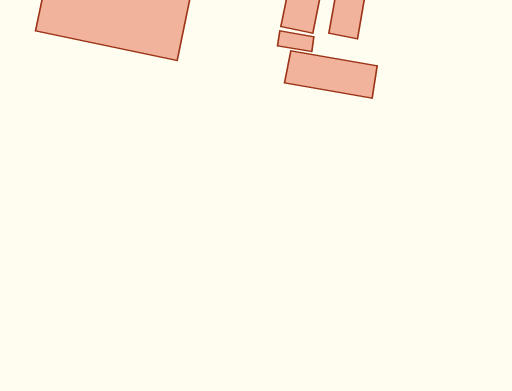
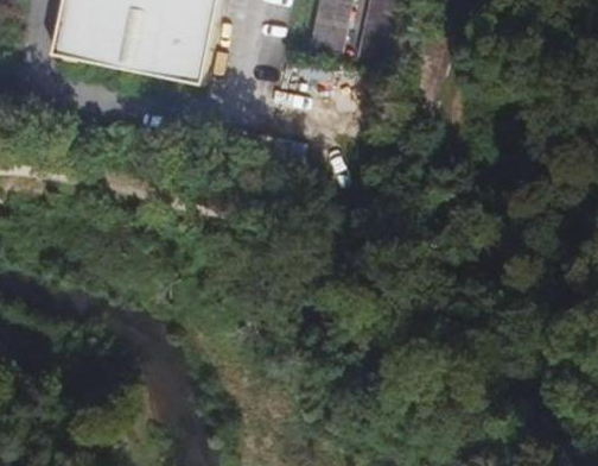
building: [284,51,377,98] -> none

